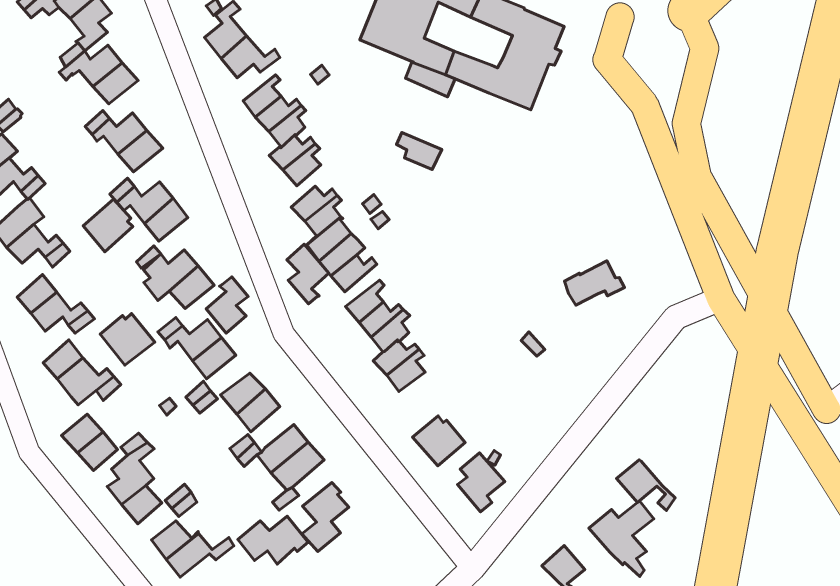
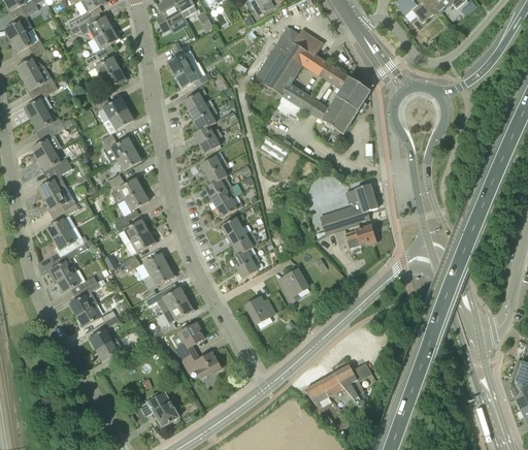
building: none -> [320,183,378,234]
building: [83,199,133,252] -> none
building: [287,244,329,304] -> none
building: [206,277,248,333] -> none
building: [100,314,155,365] -> none
building: [457,453,505,512] -> [282,268,308,301]
building: [617,460,675,510] -> [320,372,351,403]
building: [238,516,308,564] -> [182,351,221,377]

